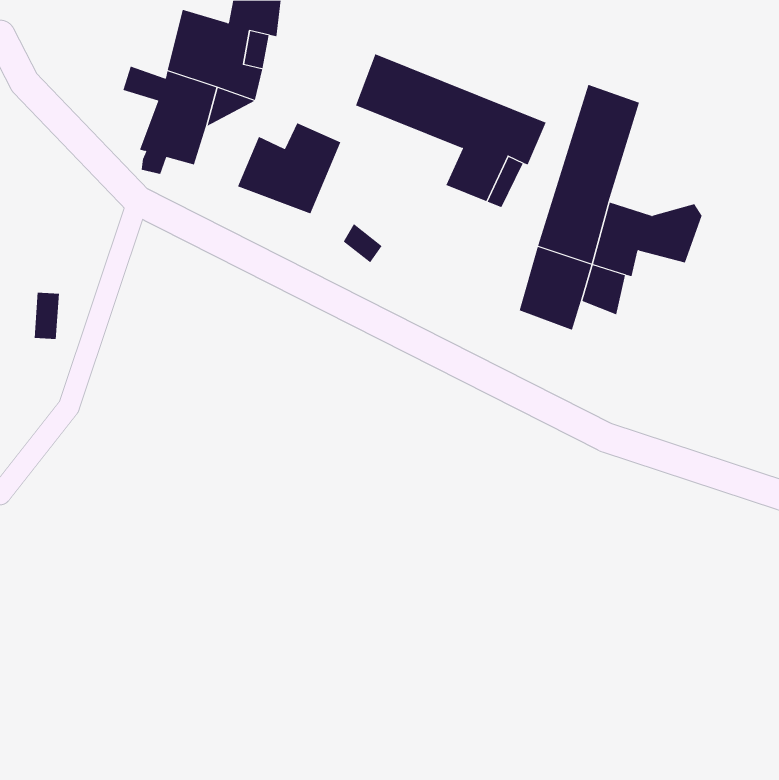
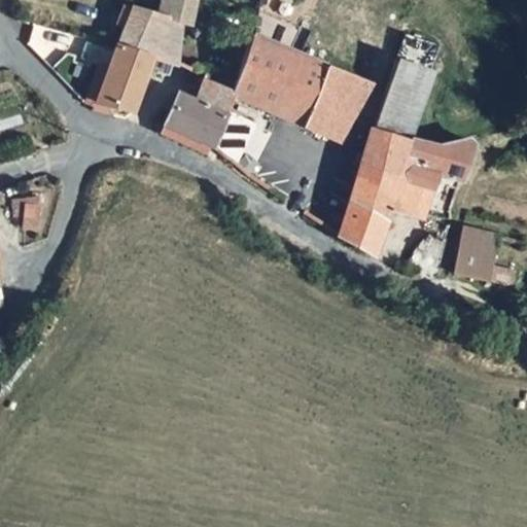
building: none -> [232,72,313,126]
building: none -> [343,210,387,253]
building: none -> [455,226,501,280]

